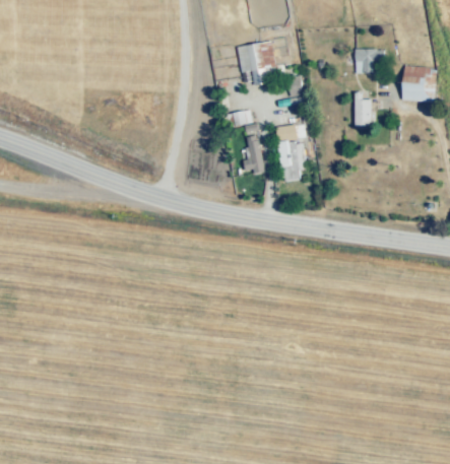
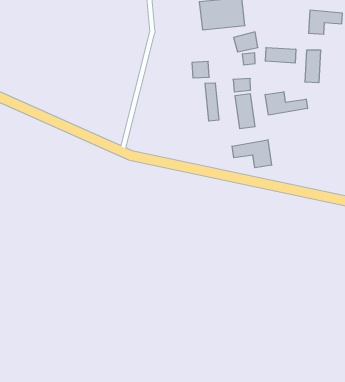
building: none -> [266,47,296,63]
building: none -> [265,92,307,115]
building: none -> [232,140,272,168]

